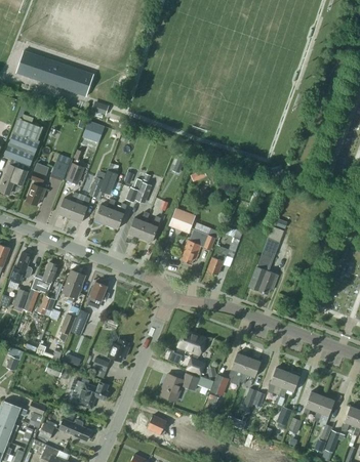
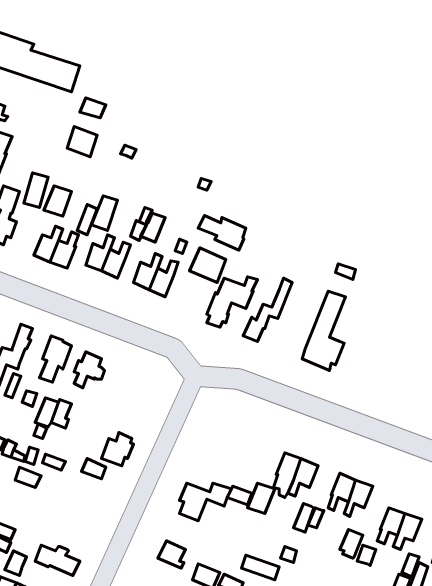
building: none -> [198,216,246,250]
building: [178,330,205,374] -> none
building: [70,380,109,409] -> none

